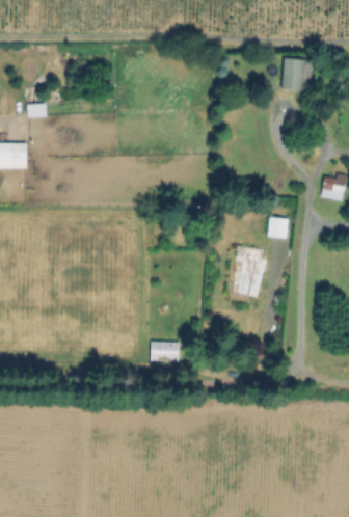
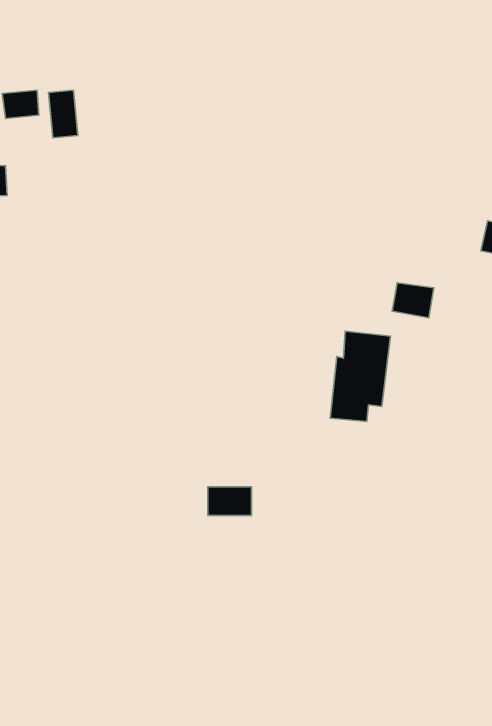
building: [281,58,312,91] -> none
building: none -> [49,90,78,138]

